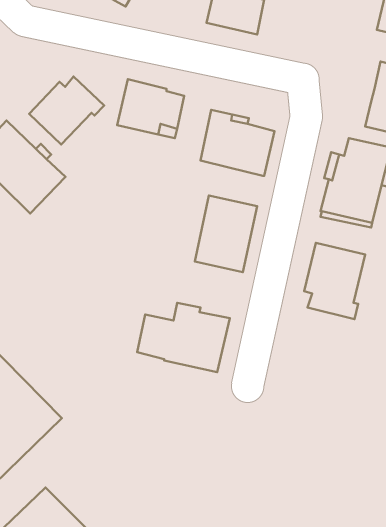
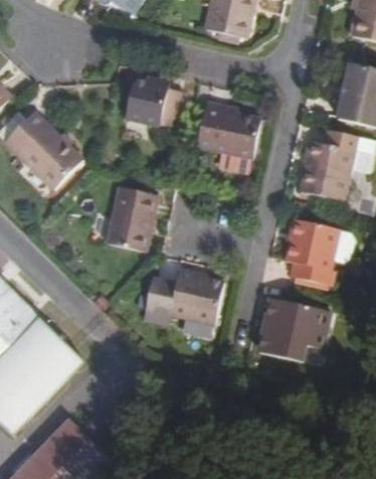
building: [29,77,104,145] -> none
building: [195,196,257,272] -> [104,184,157,250]
building: none -> [256,295,328,360]

